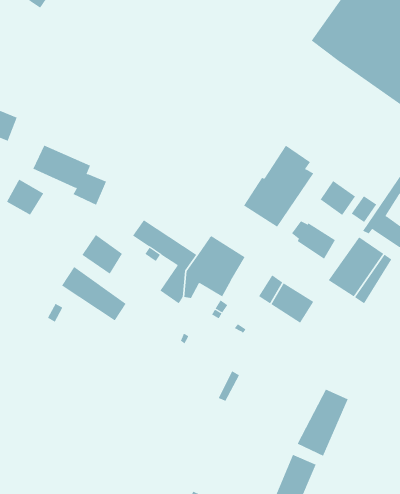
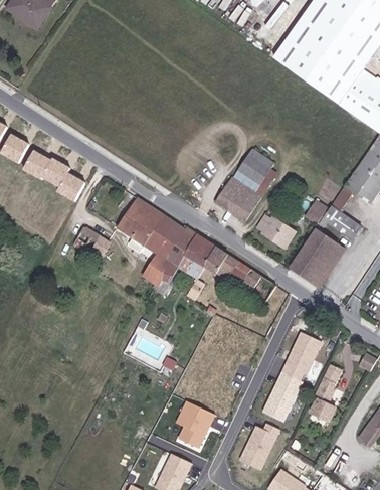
building: [6,179,44,215] -> [6,131,39,163]
building: [320,180,356,216] -> none
building: none -> [204,247,239,281]
building: [61,266,127,321] -> [127,196,184,244]
building: none -> [287,324,324,371]
building: none -> [311,364,341,422]
building: none -> [175,401,215,450]

